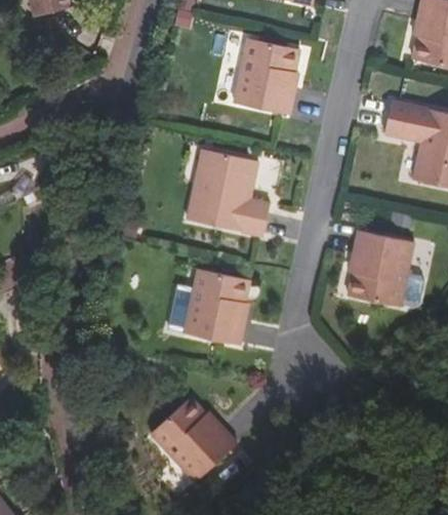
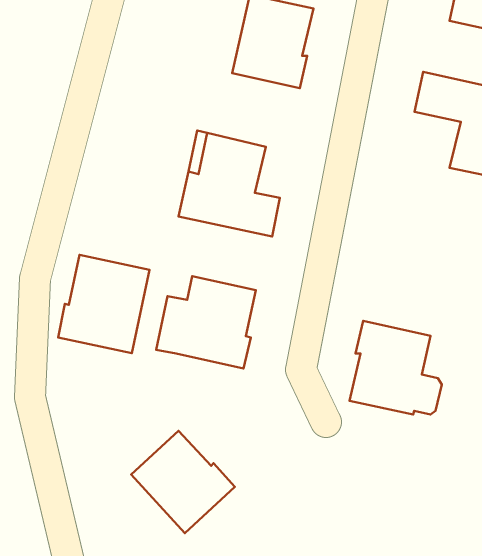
building: [344,230,420,307] -> [349,321,442,414]
building: none -> [58,255,149,353]

